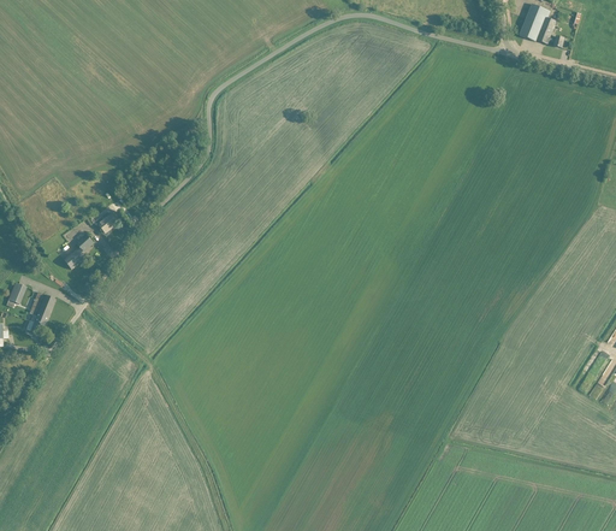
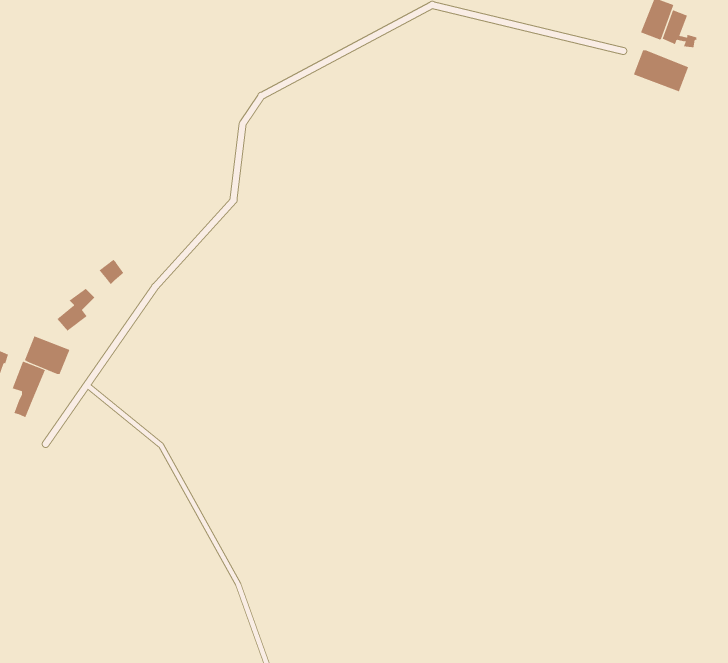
building: none -> [633,49,689,92]
building: none -> [24,335,70,375]

